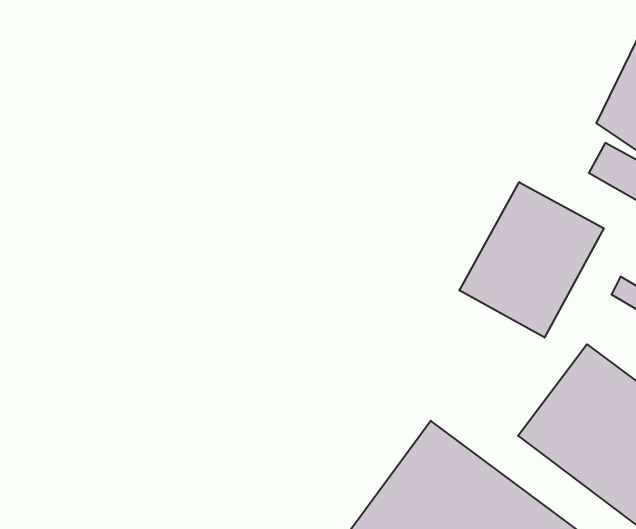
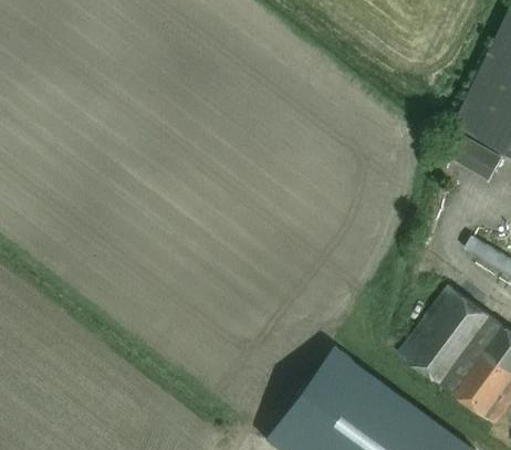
building: [459,182,604,338] -> none

